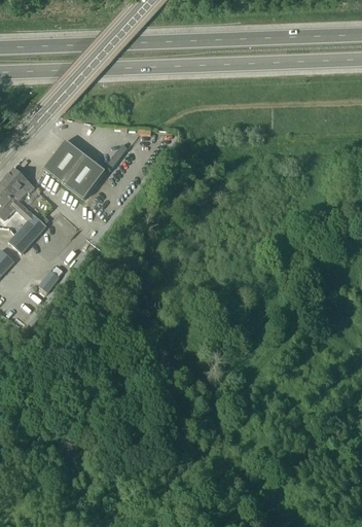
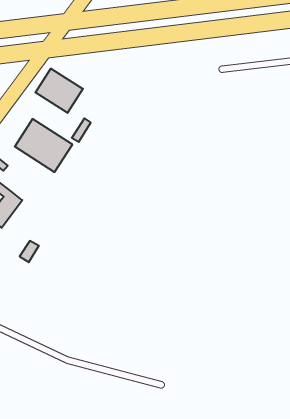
building: none -> [36,68,83,113]

